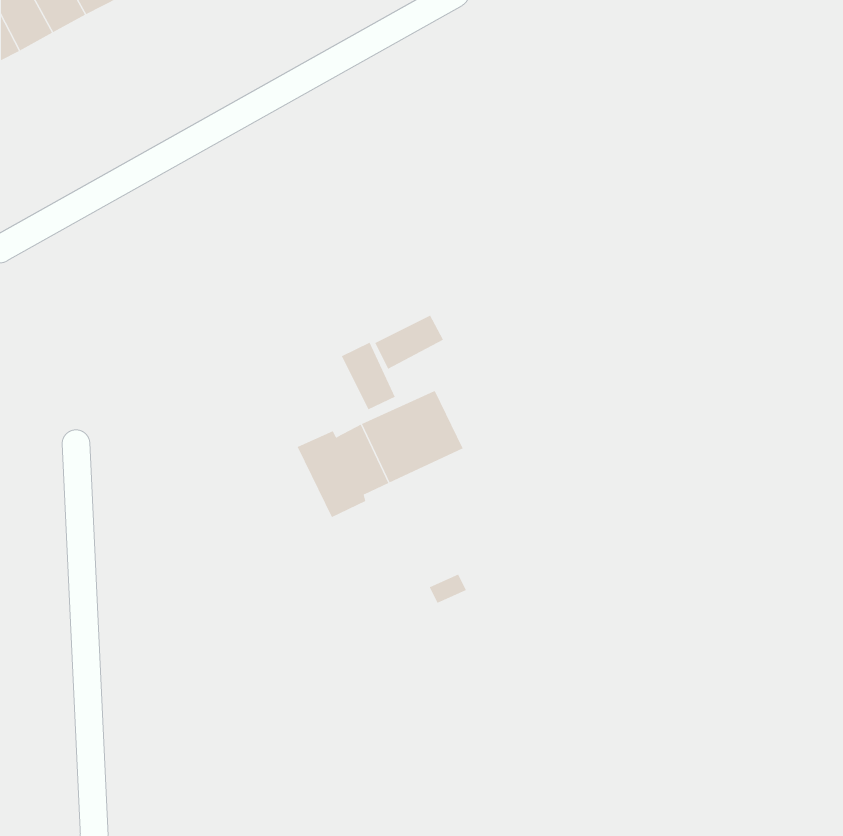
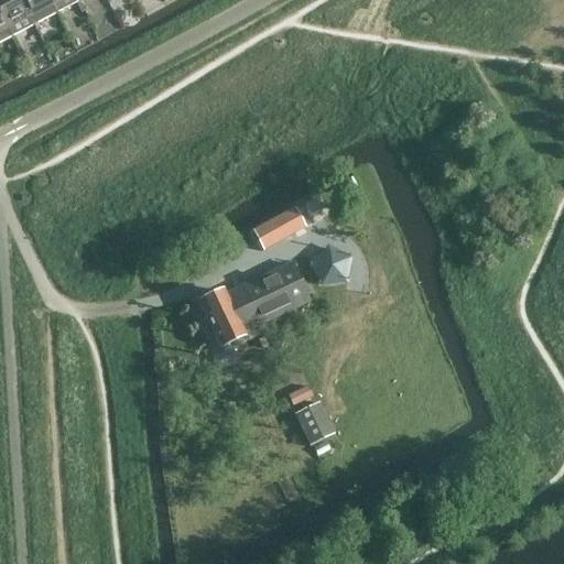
building: [341,342,396,410] -> none
building: none -> [314,241,355,281]
building: none -> [292,398,335,444]

